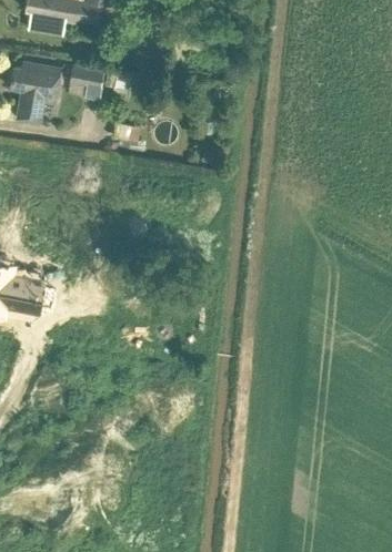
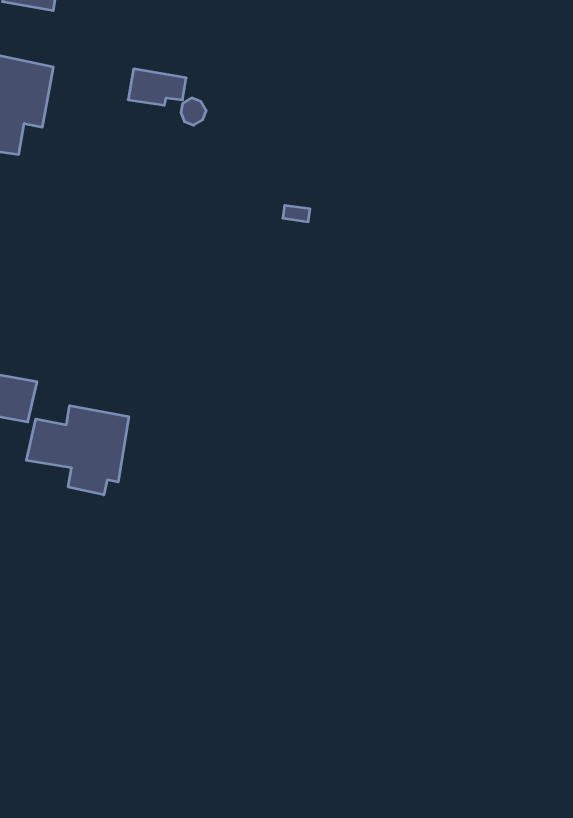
building: [67,63,102,99] -> none
building: none -> [26,406,129,495]

